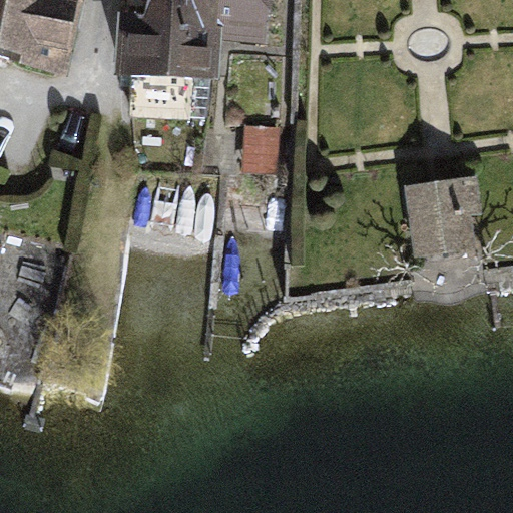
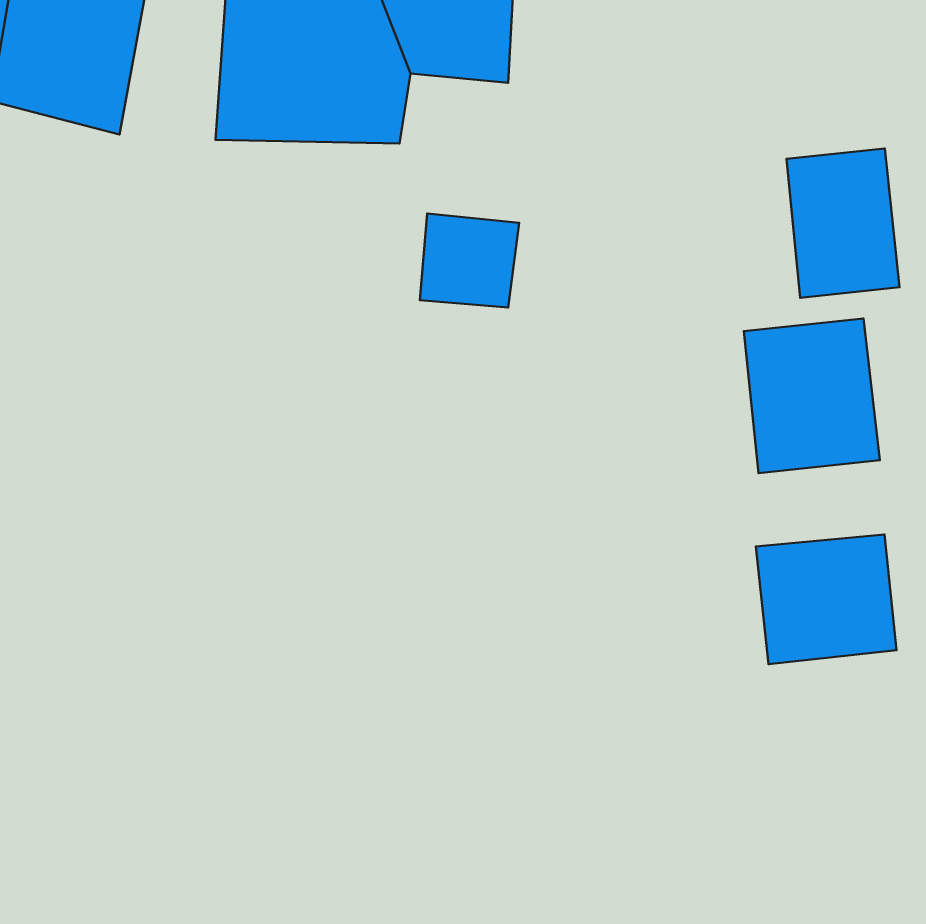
building: none -> [787,149,900,298]
building: none -> [756,534,897,664]

